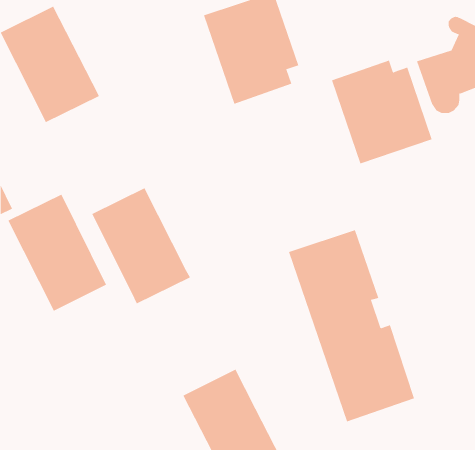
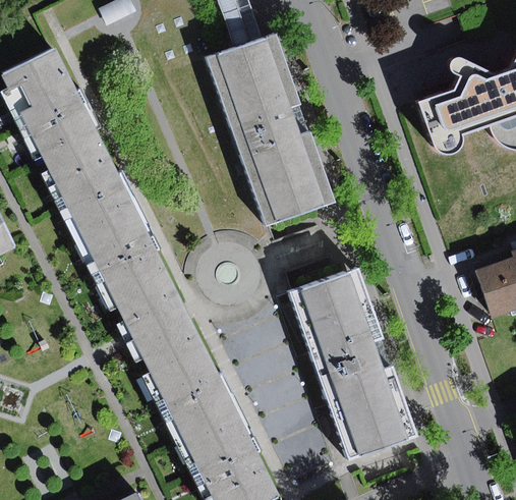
building: [331,60,433,164] -> [234,124,335,228]
building: [7,194,107,312] -> [47,136,146,254]
building: none -> [137,317,236,434]

